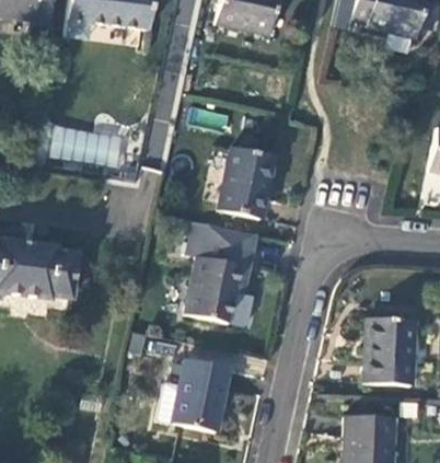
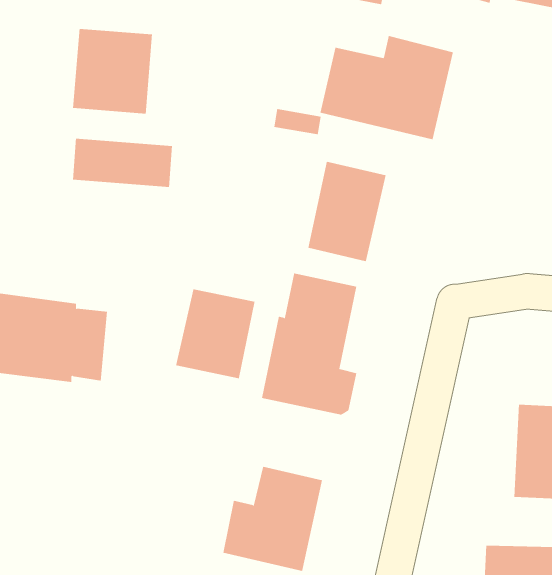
building: none -> [73,28,153,114]
building: none -> [320,35,453,140]
building: none -> [175,289,255,379]

